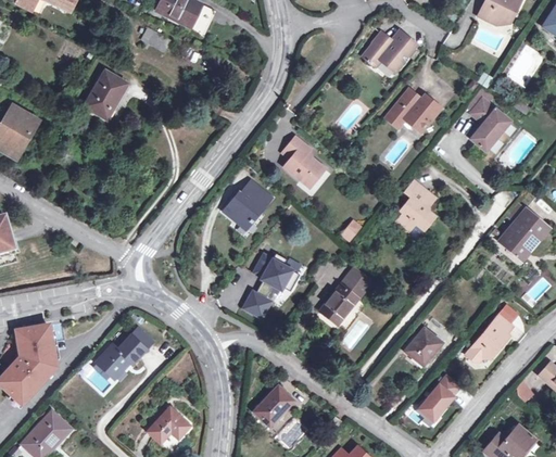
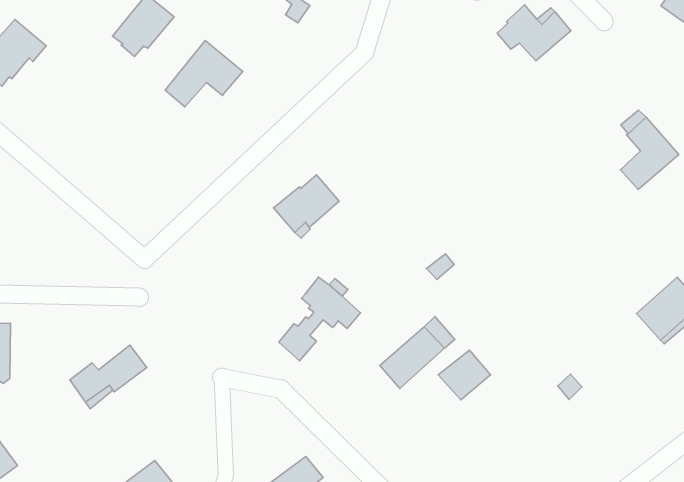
building: [387,89,441,129] -> none
building: none -> [165,41,243,107]
building: [282,137,326,187] -> none
building: [395,180,434,238] -> none
building: [466,316,513,363] -> none
building: [404,328,442,365] -> [438,350,491,400]

